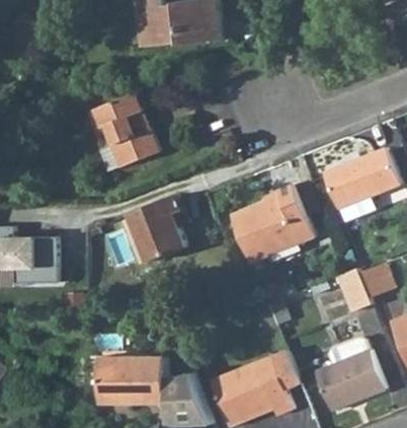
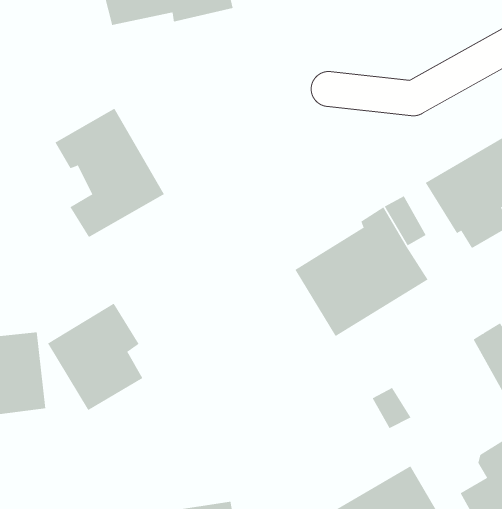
building: [129,197,187,263] -> [47,303,143,411]

